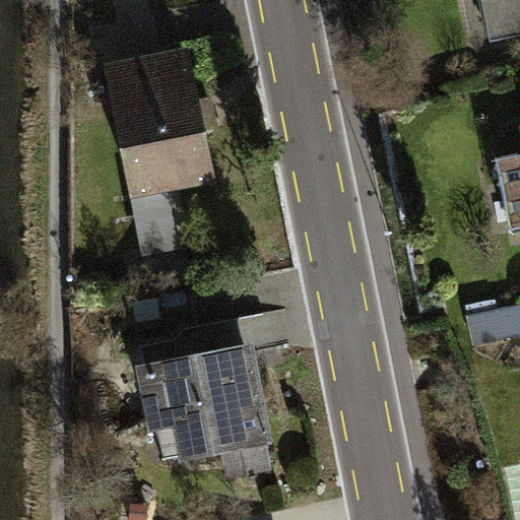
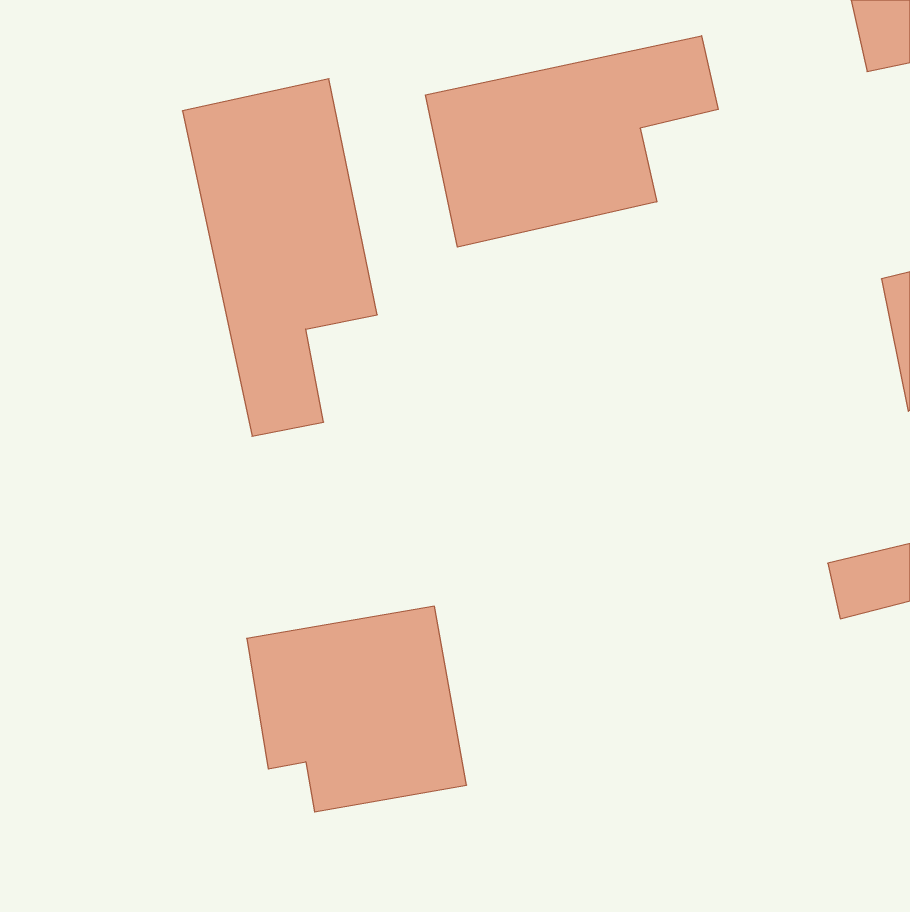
building: none -> [426,36,718,247]

